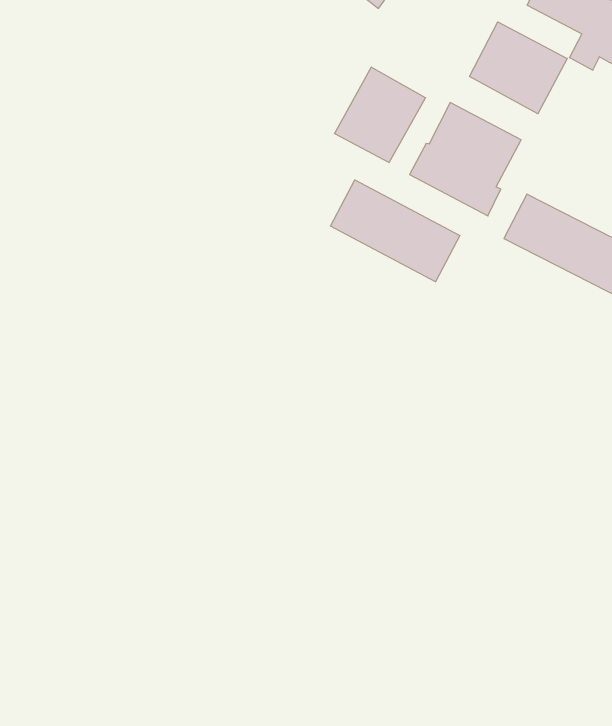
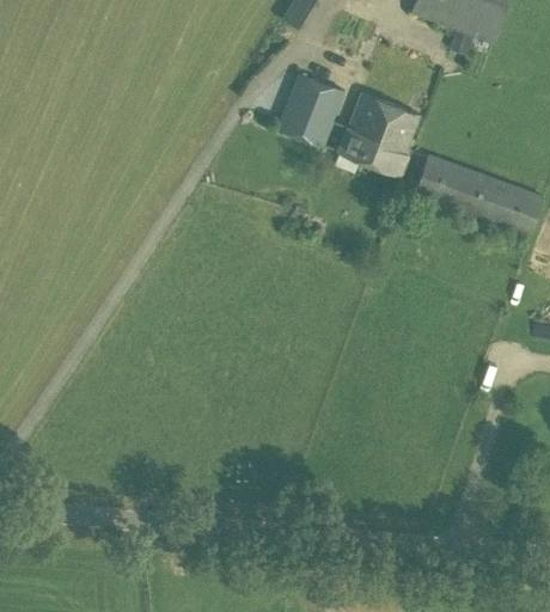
building: [470,22,567,114] -> none
building: [330,180,460,282] -> none

